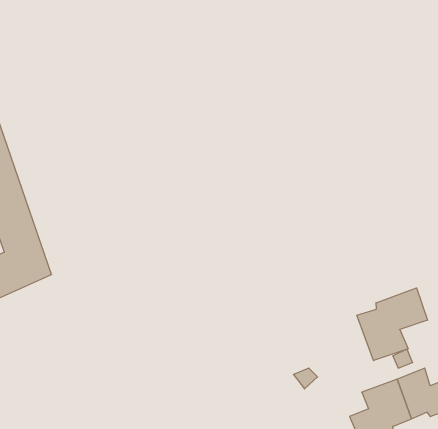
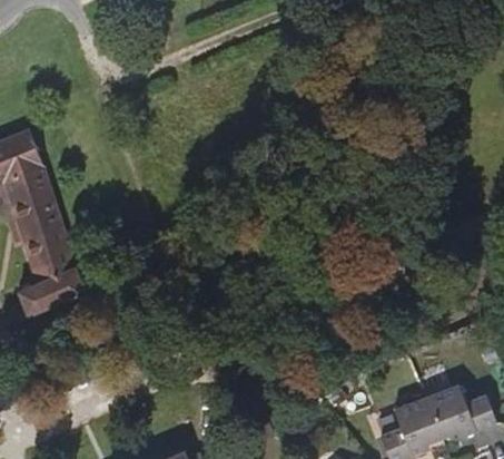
building: [357,288,427,361] -> none

